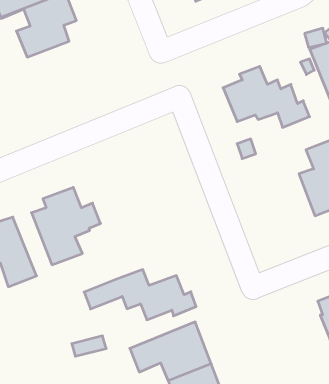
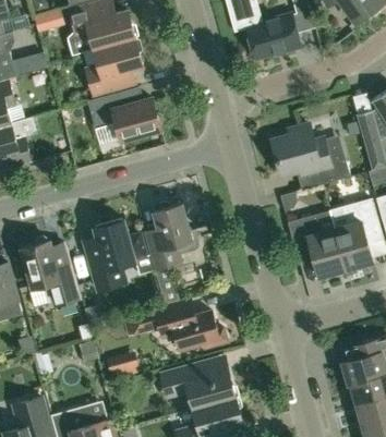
building: none -> [87,93,164,141]
building: none -> [288,215,346,277]
building: none -> [144,202,200,270]

